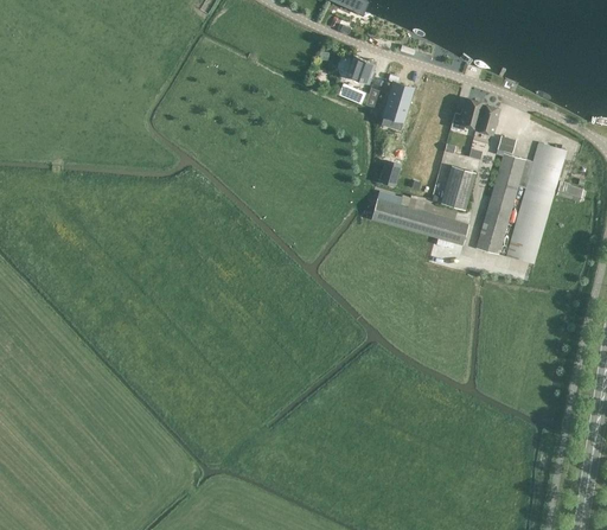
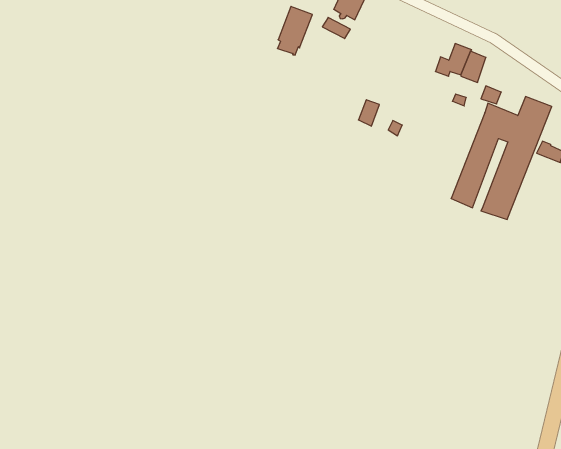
building: [382,82,413,128] -> [277,6,312,55]
building: [440,165,475,209] -> none
building: [372,199,468,243] -> none

